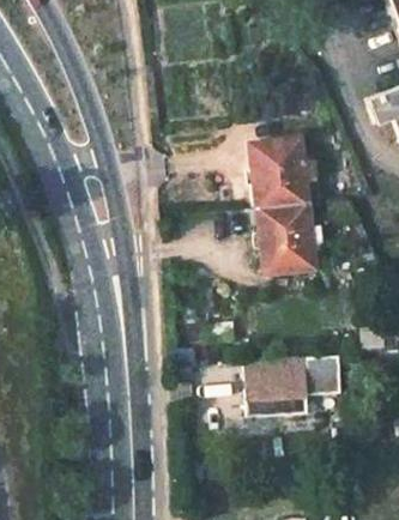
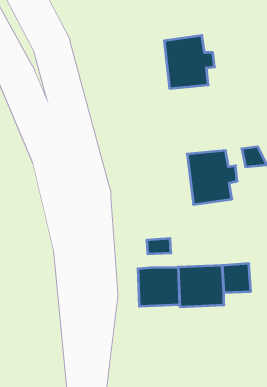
building: [249,138,316,208] -> [164,35,215,88]
building: none -> [138,267,180,306]

